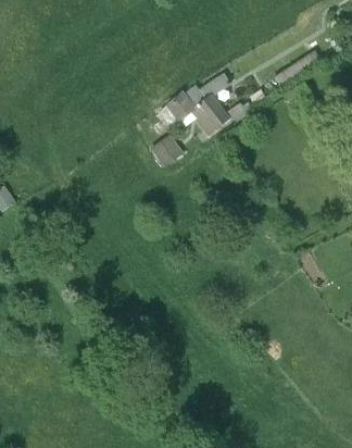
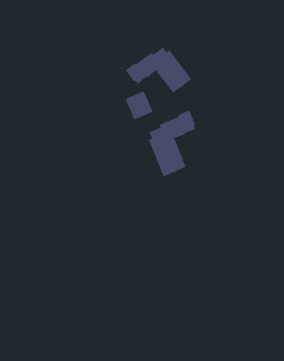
building: none -> [148,110,196,177]

